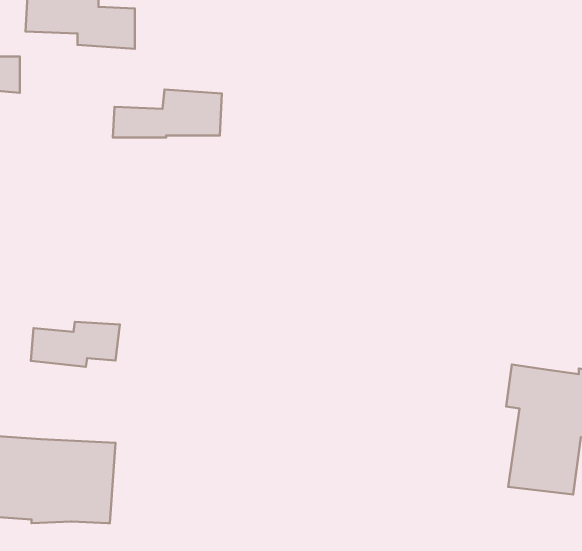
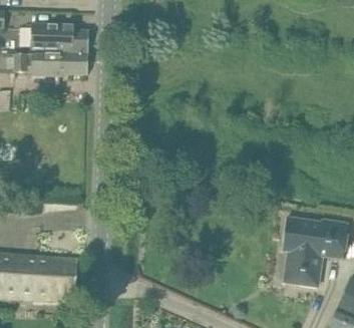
building: [113,90,222,137] -> [30,49,87,74]
building: [31,322,120,367] -> none

